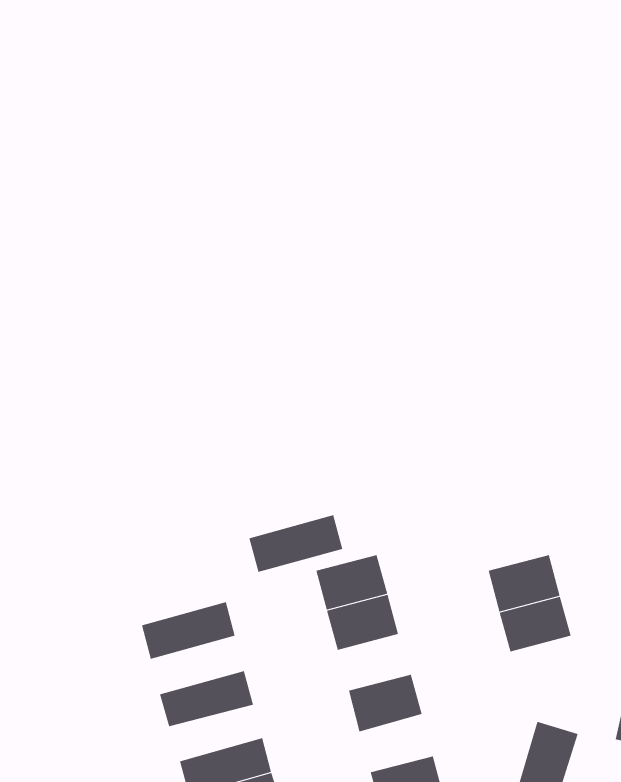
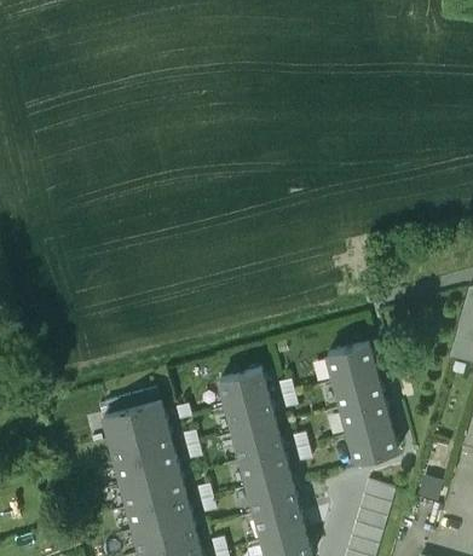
building: none -> [327,344,375,382]
building: [249,515,343,573] -> [109,425,172,464]
building: none -> [233,424,283,462]
building: none -> [348,425,397,464]
building: none -> [121,471,184,509]
building: none -> [248,477,298,516]

